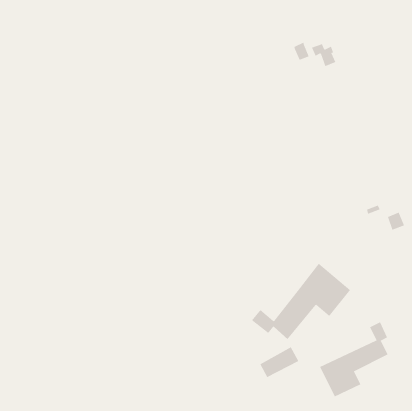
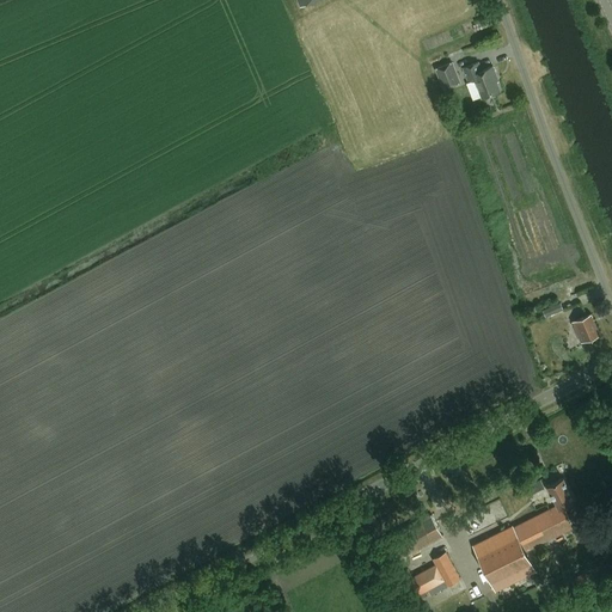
building: [251,263,351,340] -> none
building: none -> [403,553,461,600]

